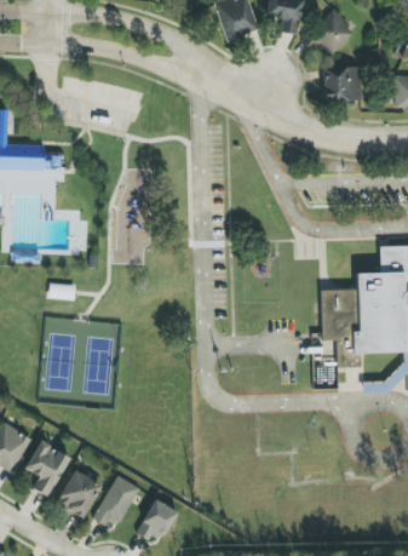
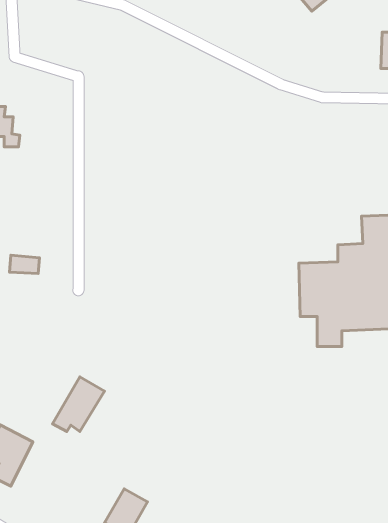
building: [323,67,361,102] -> none
building: [57,470,102,517] -> none
building: [92,475,140,526] -> [52,377,105,432]

